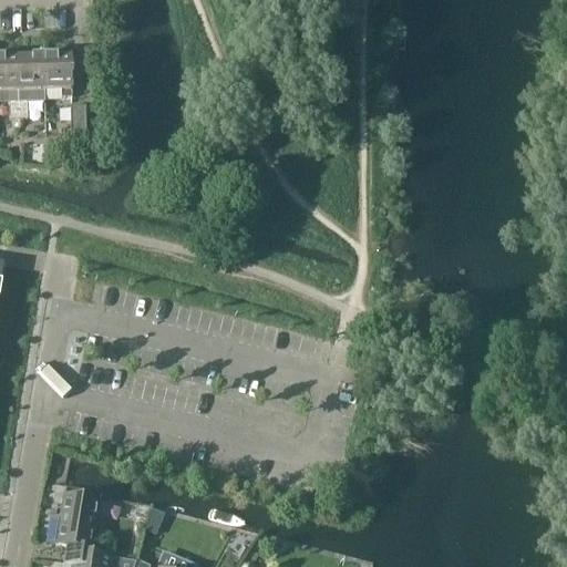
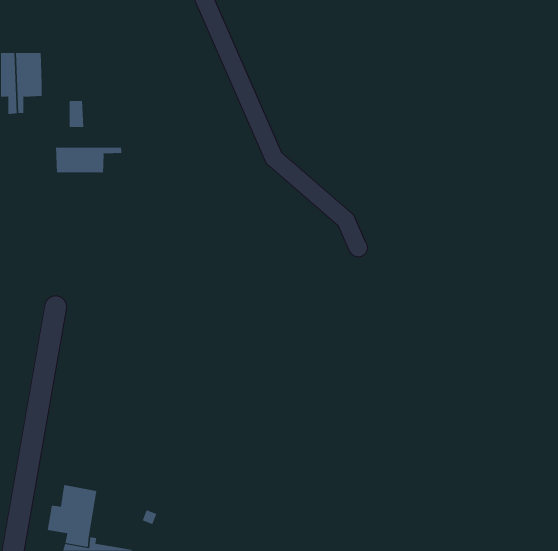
building: [42,52,71,94] -> none
building: none -> [56,147,122,173]

